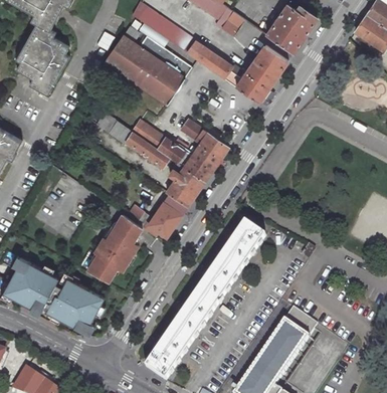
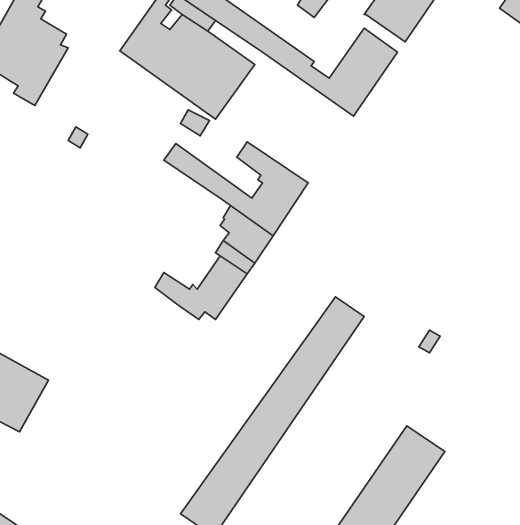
building: [98,112,170,166] -> none
building: [87,212,143,282] -> none
building: [37,276,106,334] -> none

